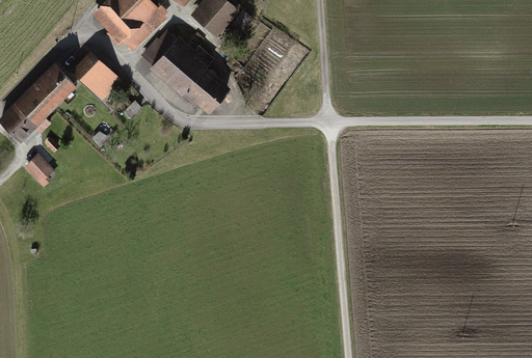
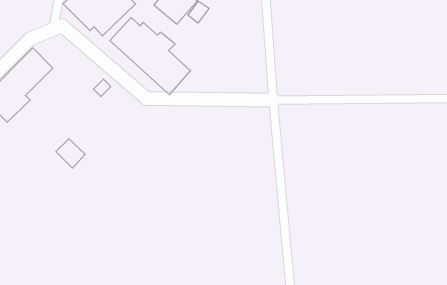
building: [71,51,122,102] -> none
building: [23,155,56,188] -> [56,139,85,168]

